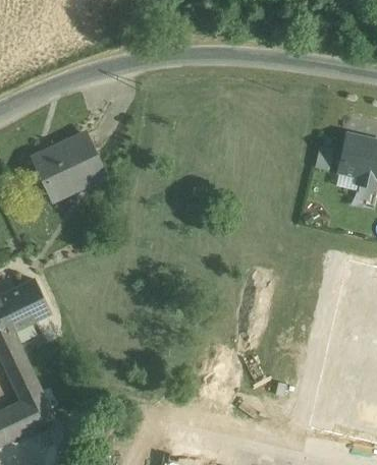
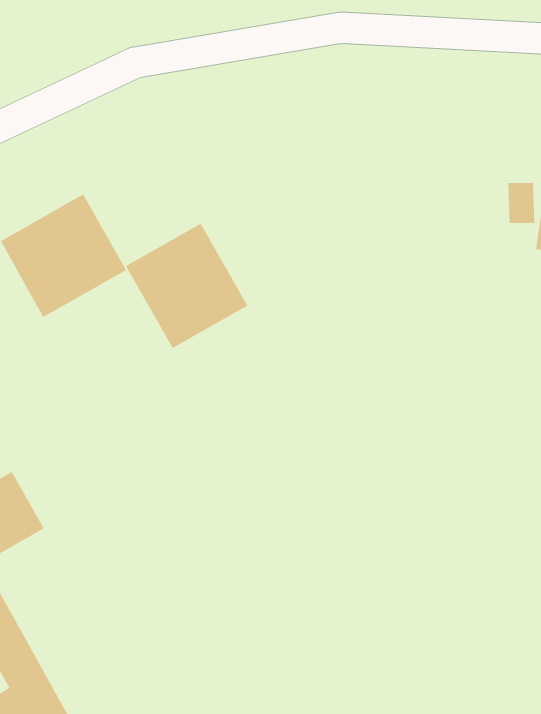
building: none -> [125,223,248,349]

